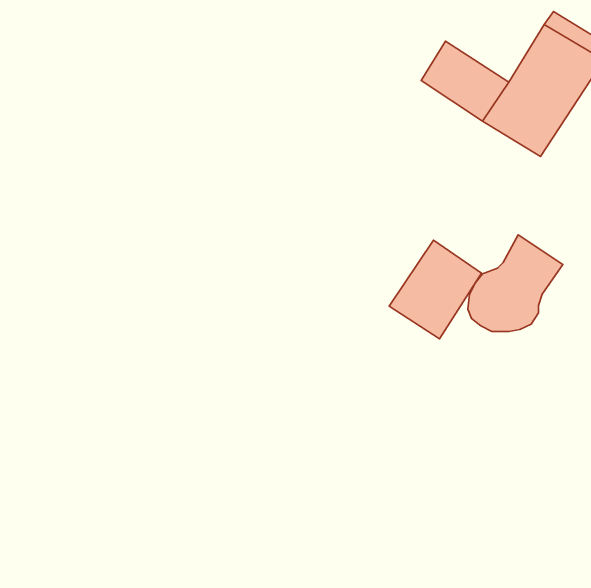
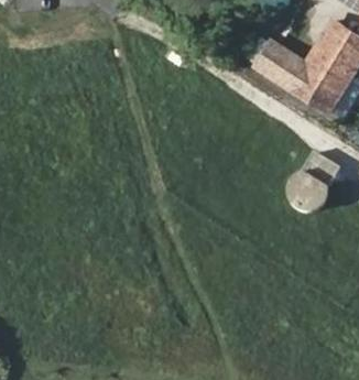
building: [389,240,482,339] -> none

